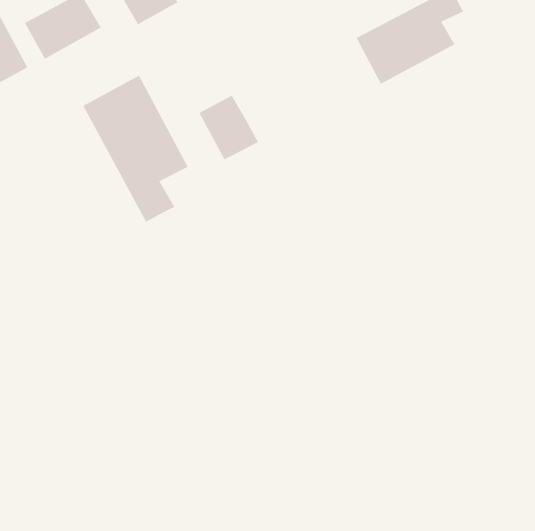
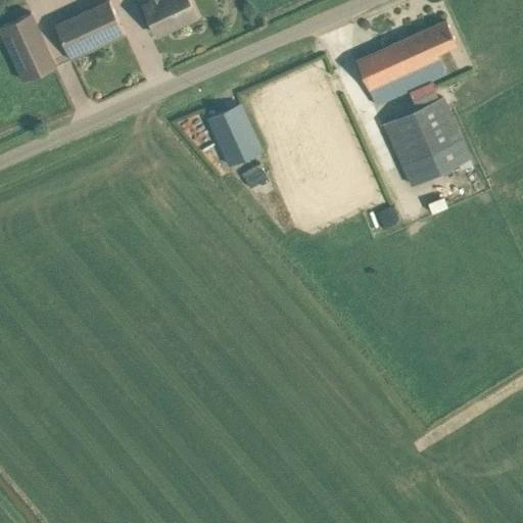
building: none -> [385,98,470,184]
building: [82,75,189,223] -> none

